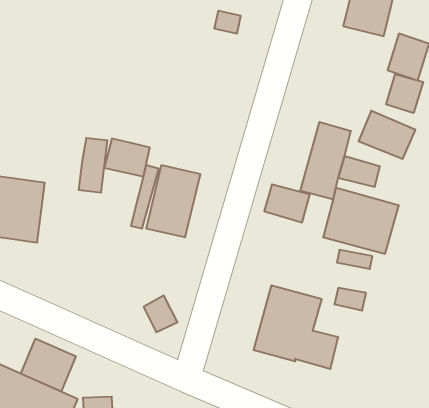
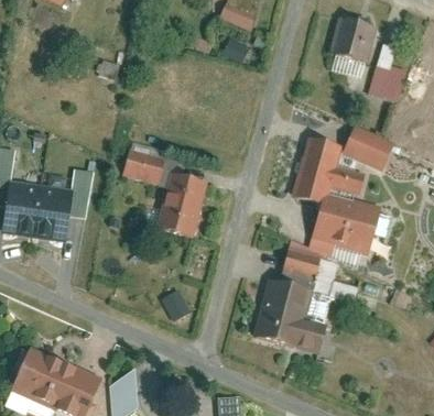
building: [386,74,423,113] -> none
building: [79,138,108,192] -> [68,169,94,217]
building: [264,184,310,222] -> [282,248,322,281]
building: [21,339,76,392] -> none

